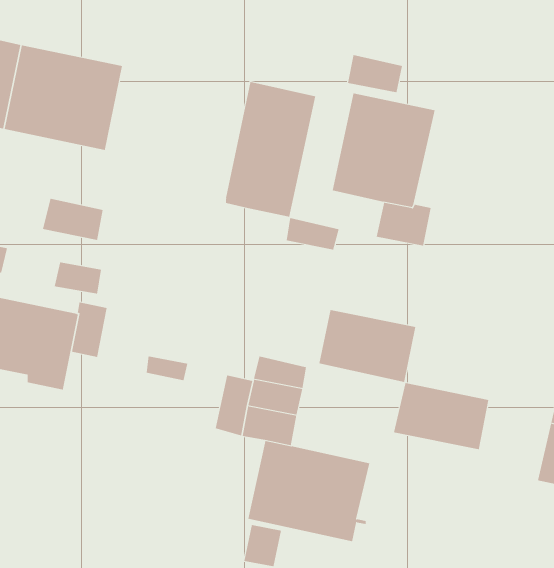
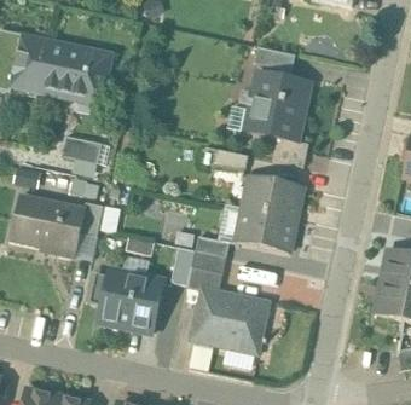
building: [225,81,316,218] -> none
building: [393,383,489,450] -> [243,174,303,216]
building: none -> [97,271,163,330]

